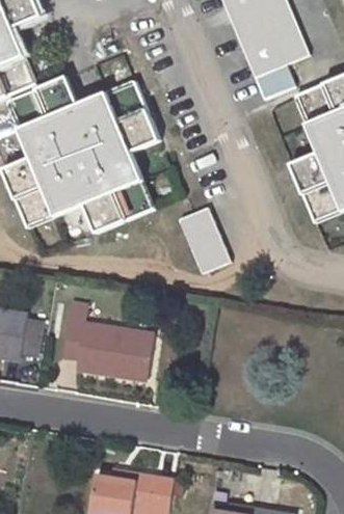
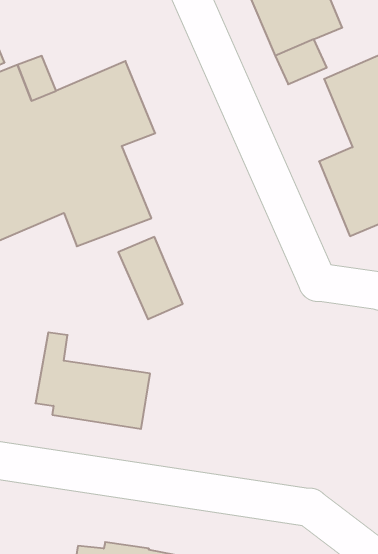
building: [179,208,231,274] -> [118,237,183,319]

